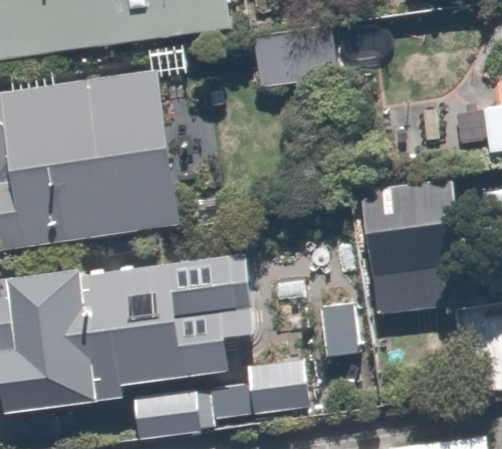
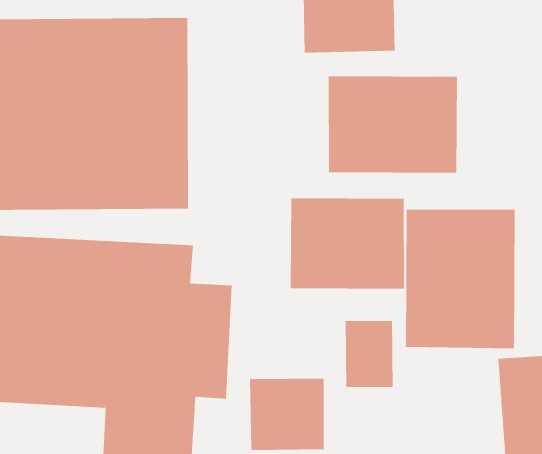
building: none -> [328,75,458,174]
building: none -> [290,197,405,289]

